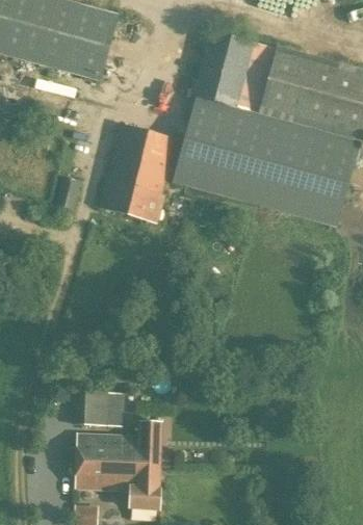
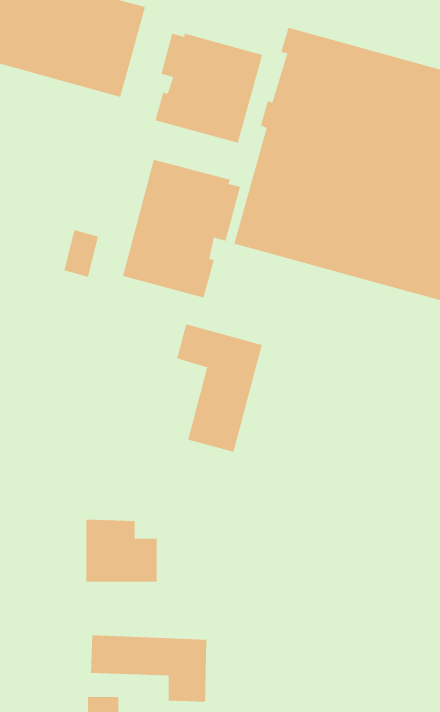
building: none -> [155,33,263,144]
building: none -> [177,323,262,452]
building: [78,423,162,465] -> none

